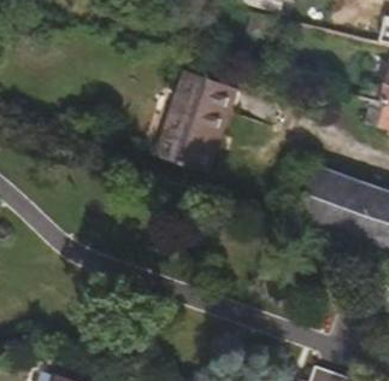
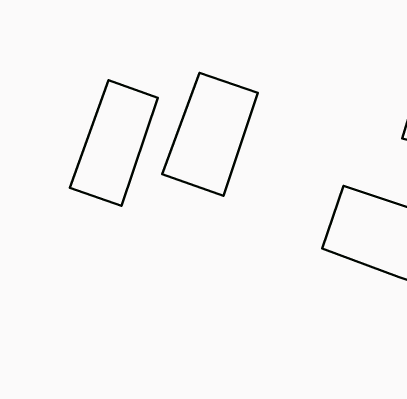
building: none -> [70,80,158,206]

